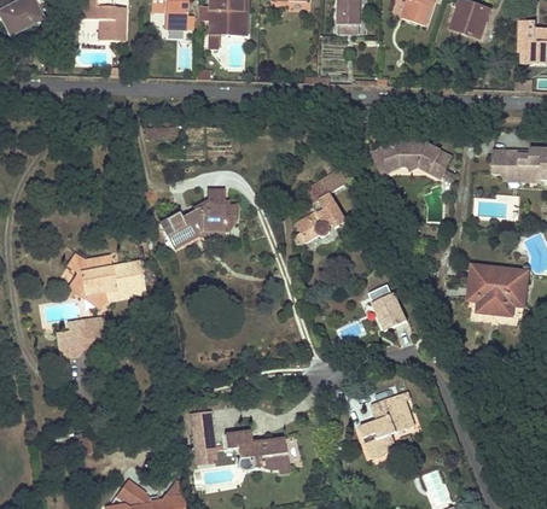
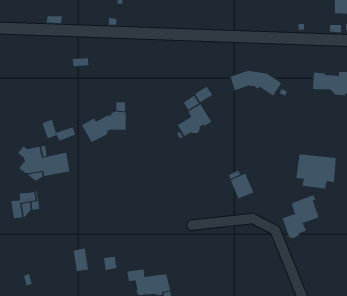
building: none -> [42,119,76,142]
building: [359,392,413,455] -> [282,195,320,238]
building: [192,428,215,462] -> [73,248,89,271]

